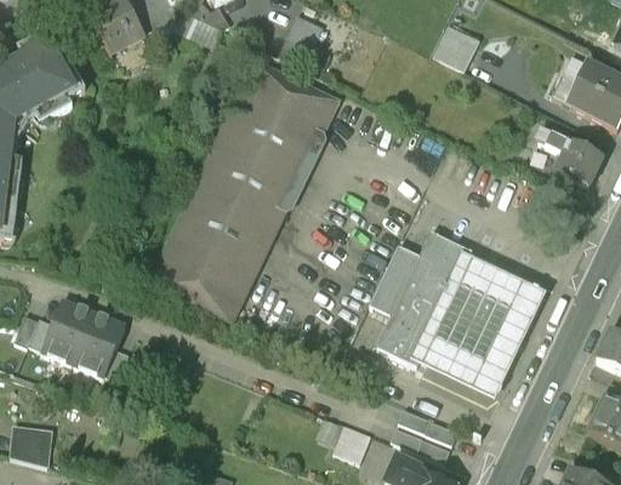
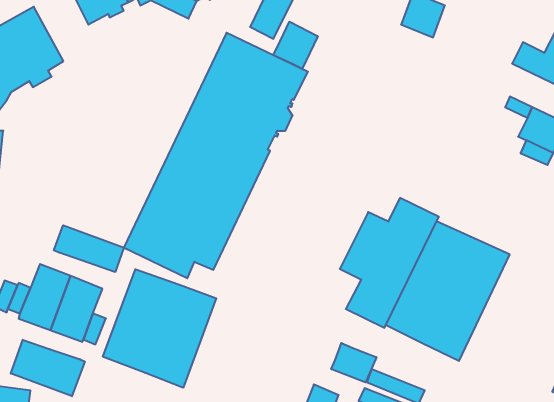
building: none -> [273,22,318,69]
building: none -> [54,225,124,272]
building: none -> [103,269,216,388]
building: none -> [11,340,85,396]
building: none -> [331,343,376,382]

